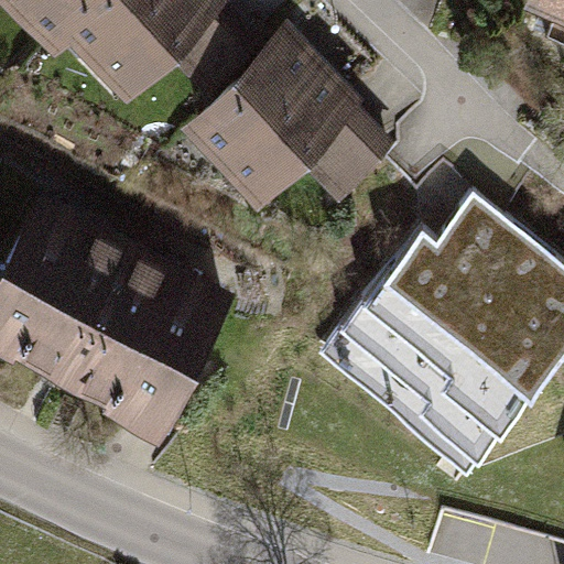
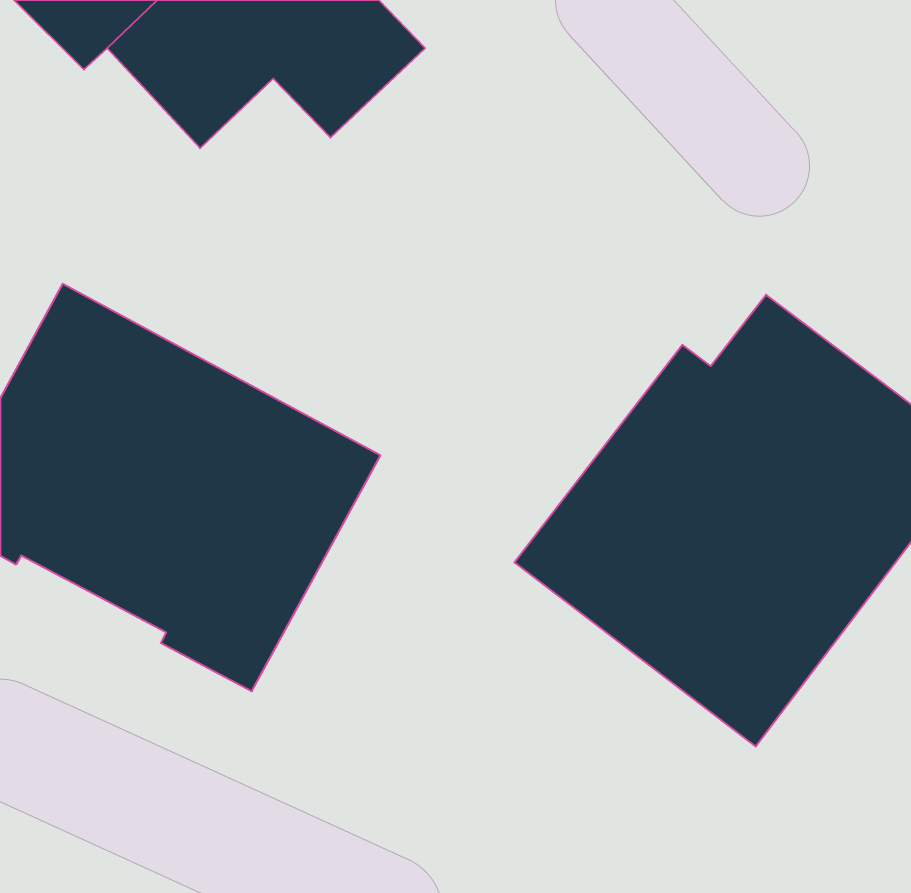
building: [182,24,397,205] -> none

